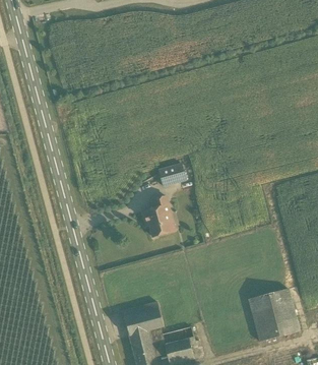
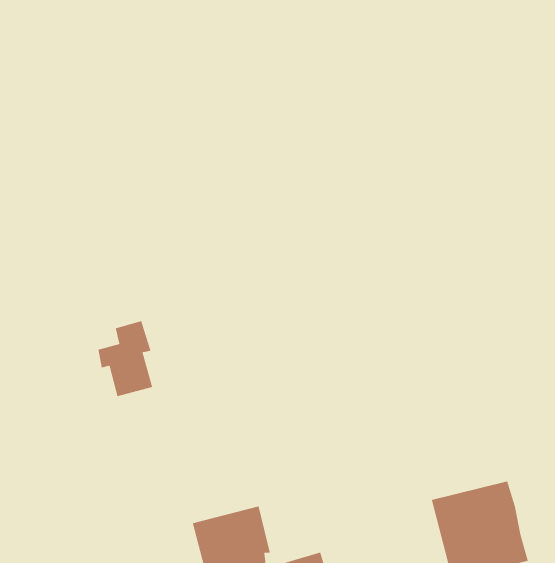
building: [158,162,186,184] -> none
building: [142,194,172,235] -> [97,320,153,397]

